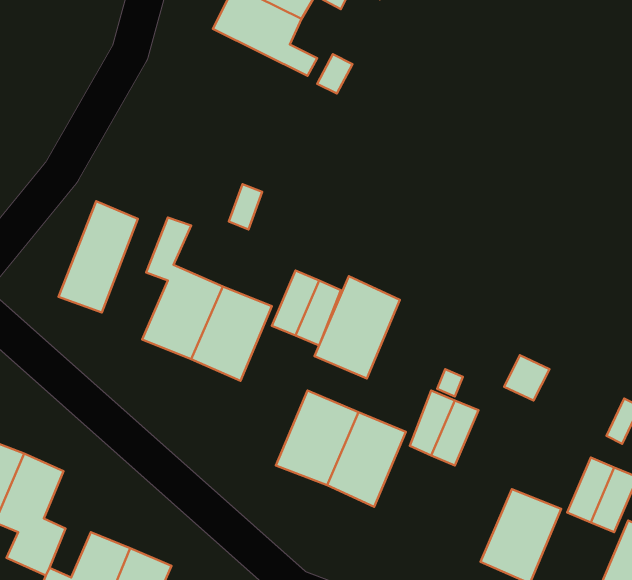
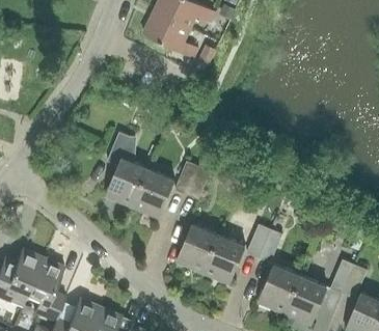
building: [59,201,138,312] -> none
building: [315,276,400,379] -> none
building: none -> [259,264,301,313]

